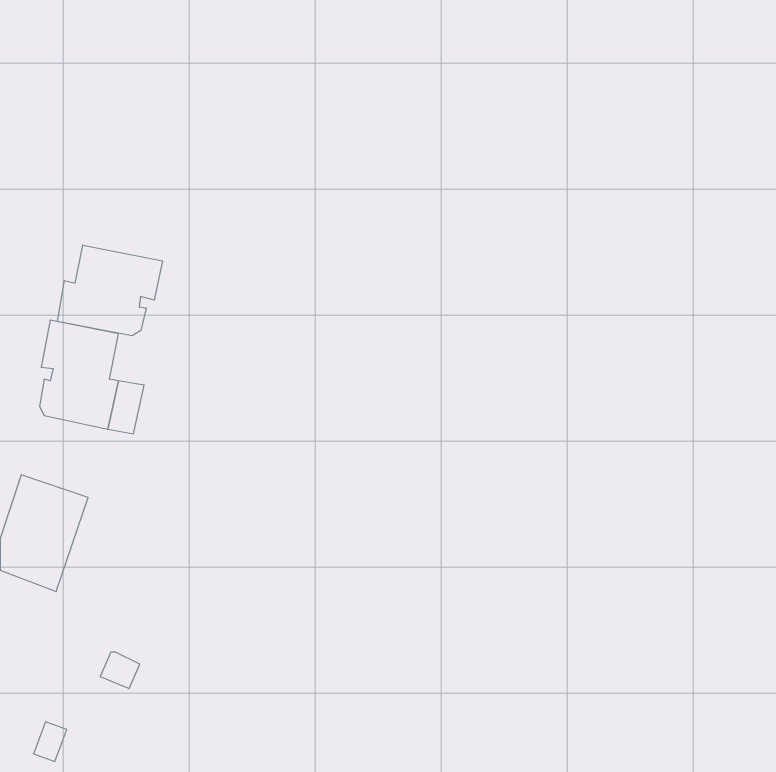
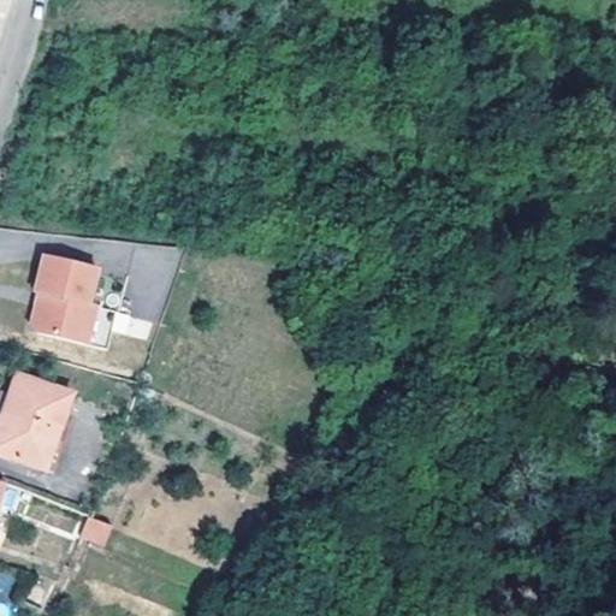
building: [57,245,162,336] -> none

